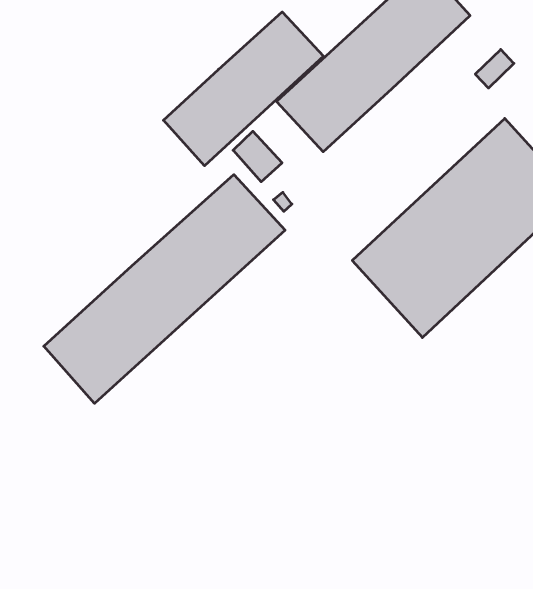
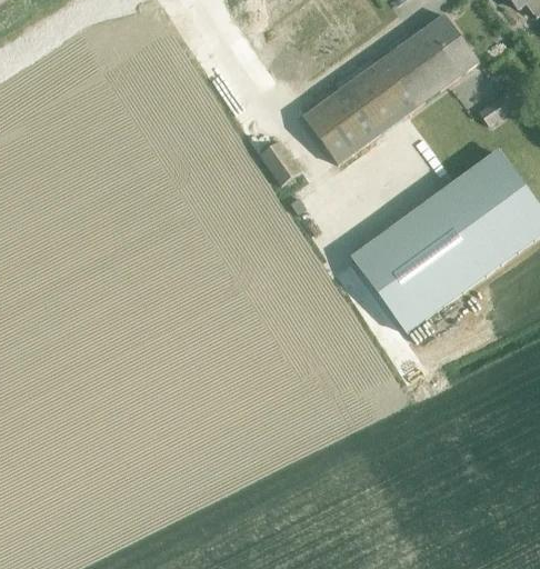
building: [163,12,324,166] -> none
building: [44,175,285,403] -> none

